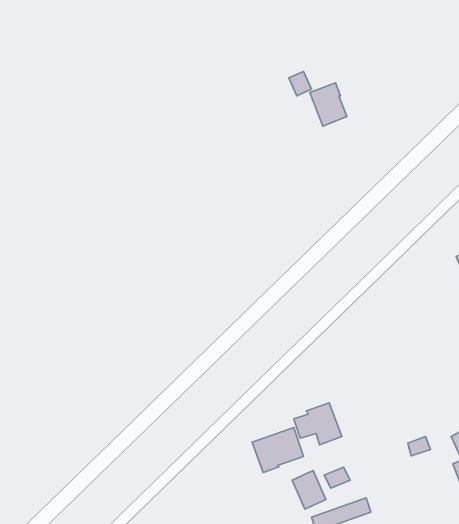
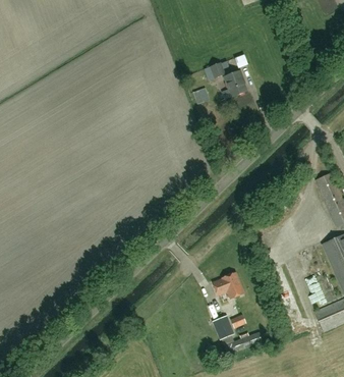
building: [252,428,303,473] -> none

